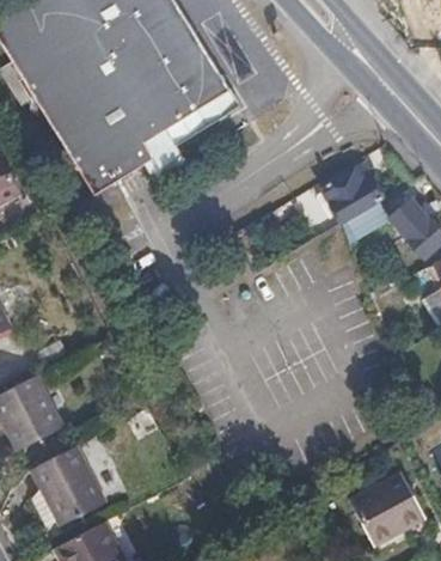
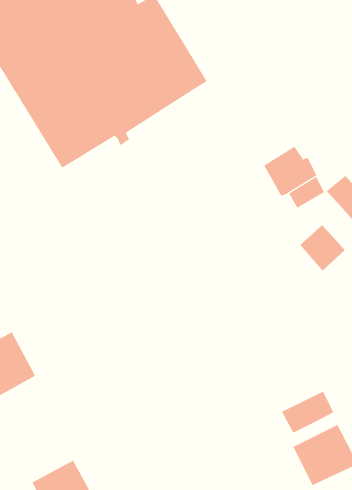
building: none -> [299,224,346,272]
building: none -> [281,391,334,433]
building: [37,444,109,520] -> none

